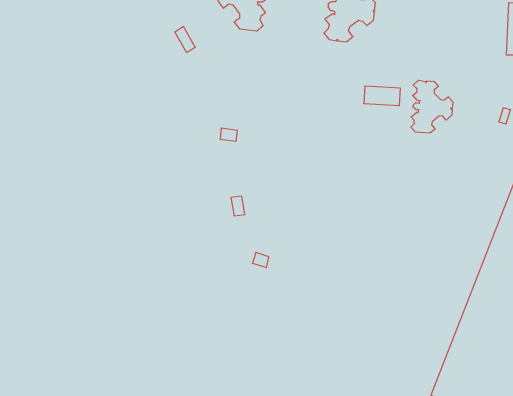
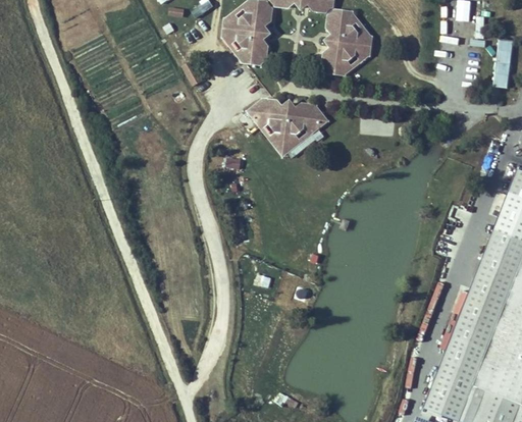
building: none -> [248,100,326,156]
building: [411,80,453,133] -> none

